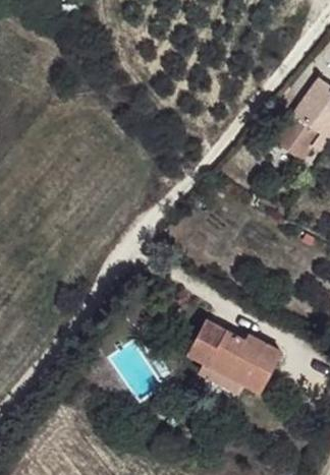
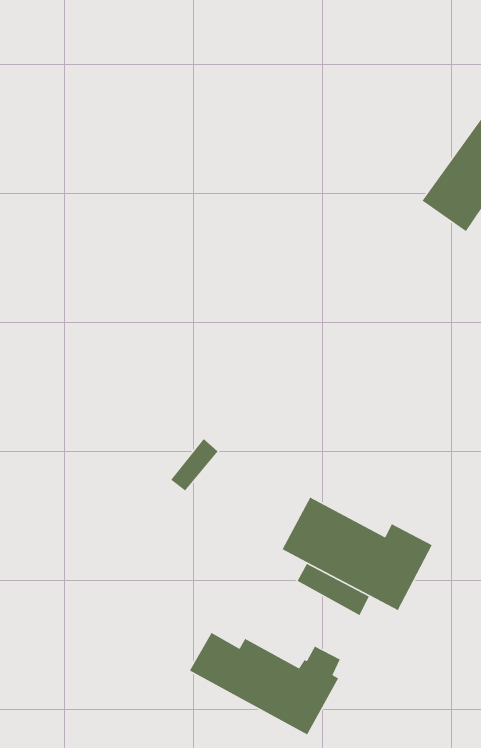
building: none -> [189,632,341,735]

